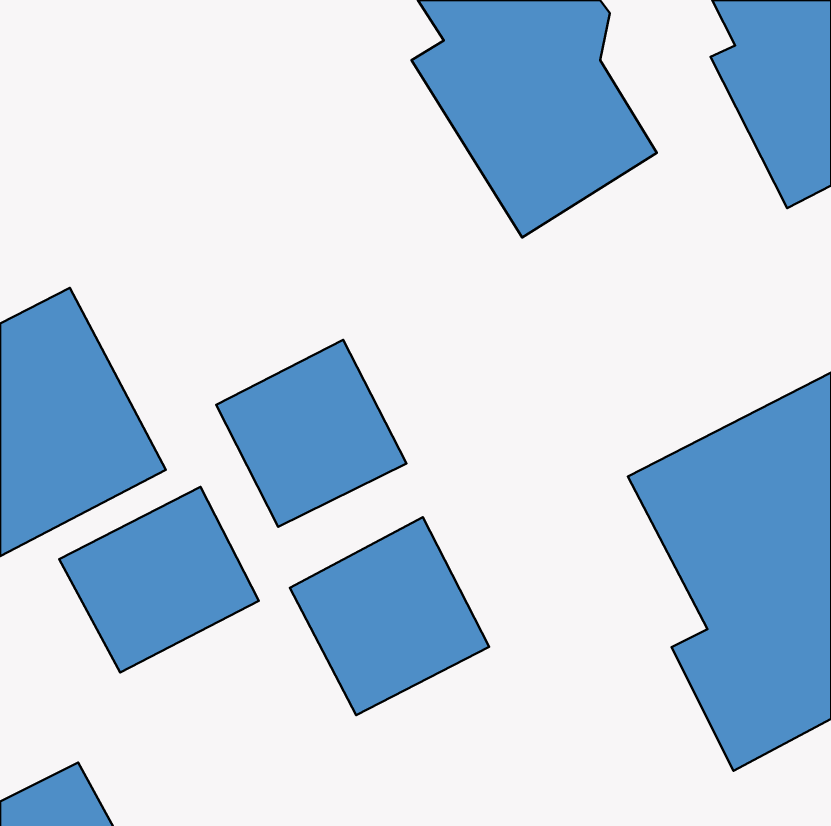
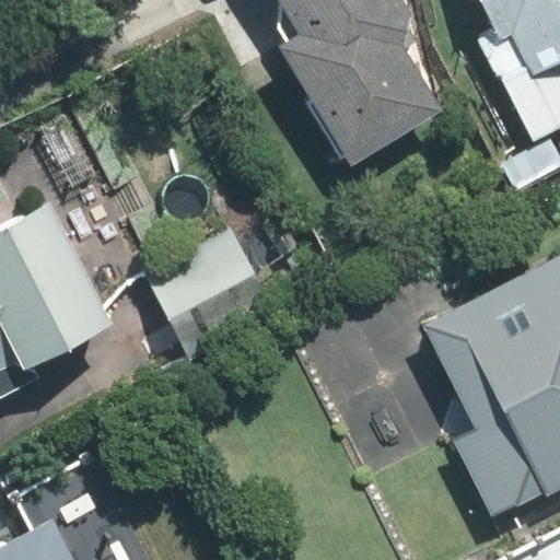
building: [59,487,259,673] -> none
building: [290,517,489,715] -> none

